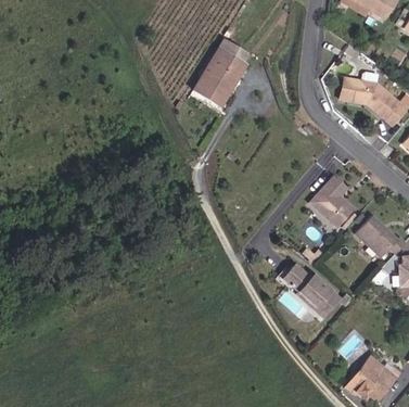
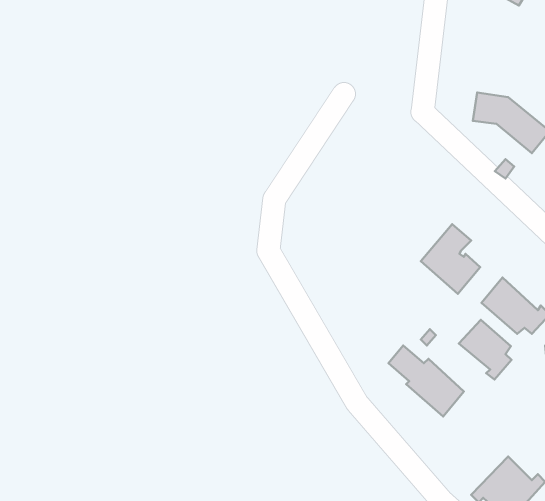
building: [195,49,252,115] -> none
building: none -> [459,320,511,380]

